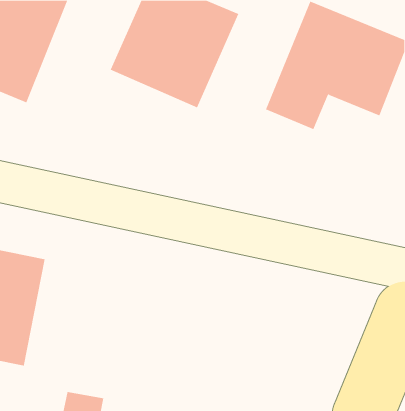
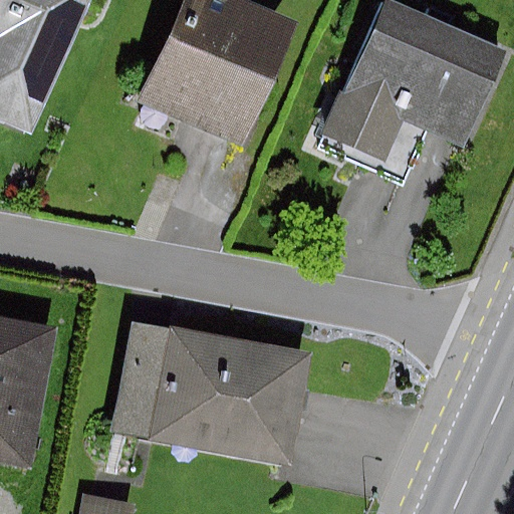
building: none -> [121,326,299,454]

